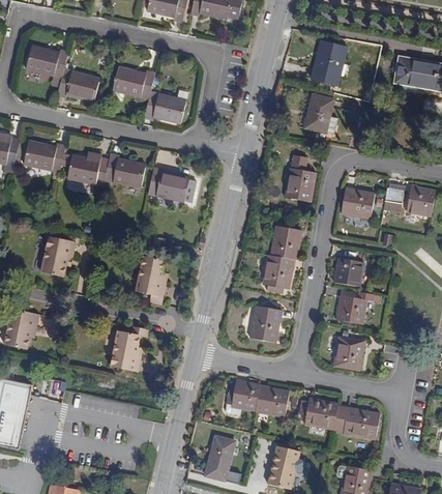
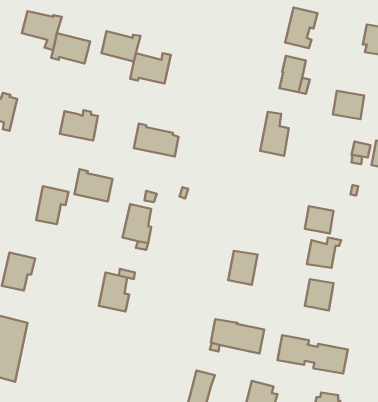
building: [23,141,65,172] -> none
building: [104,153,145,188] -> [75,169,113,202]
building: [341,187,375,219] -> [333,91,364,119]
building: [262,225,302,293] -> none

